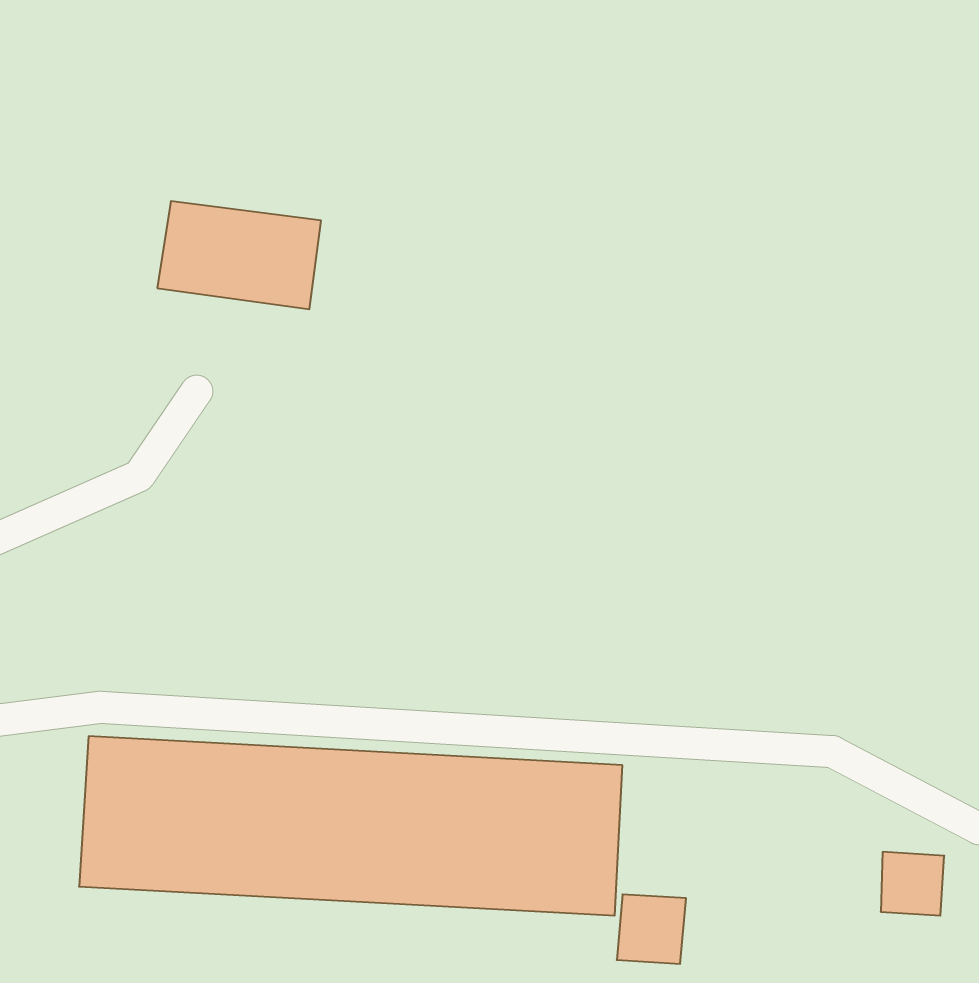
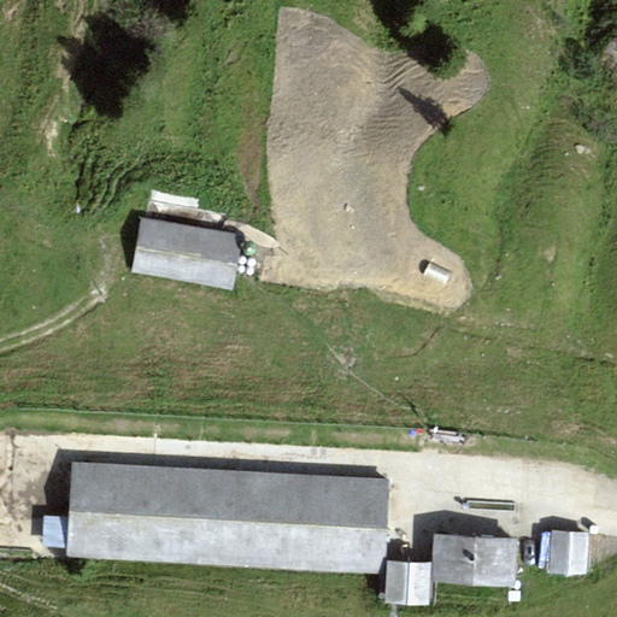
building: [157,201,321,309] -> [134,219,236,287]
building: none -> [434,528,523,588]

